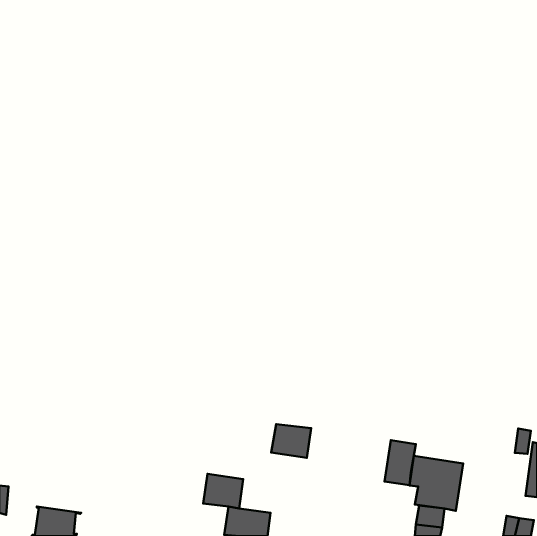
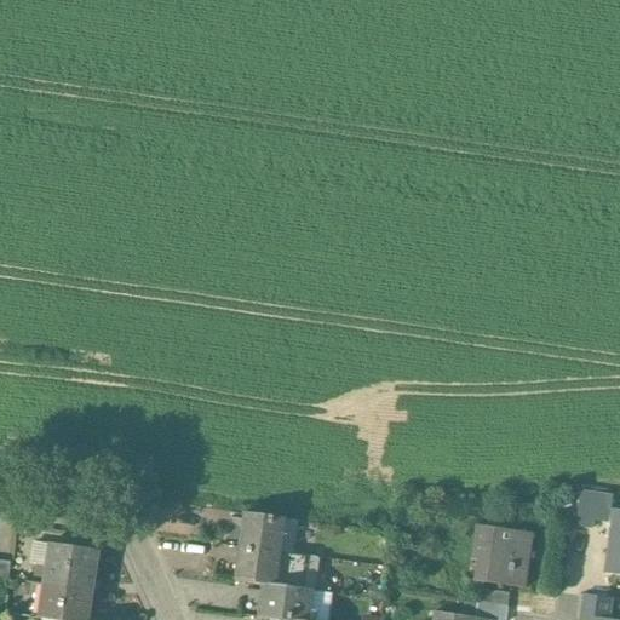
building: [271,424,311,458] -> [239,512,285,551]
building: [385,440,416,485] -> none
building: none -> [42,541,99,590]

